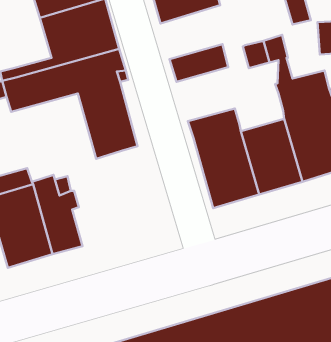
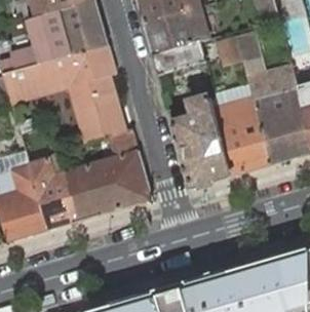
building: none -> [144,6,206,54]
building: none -> [210,85,255,119]
building: none -> [65,130,151,222]

